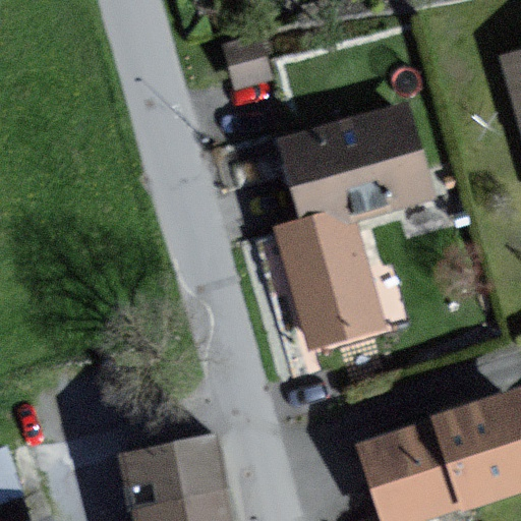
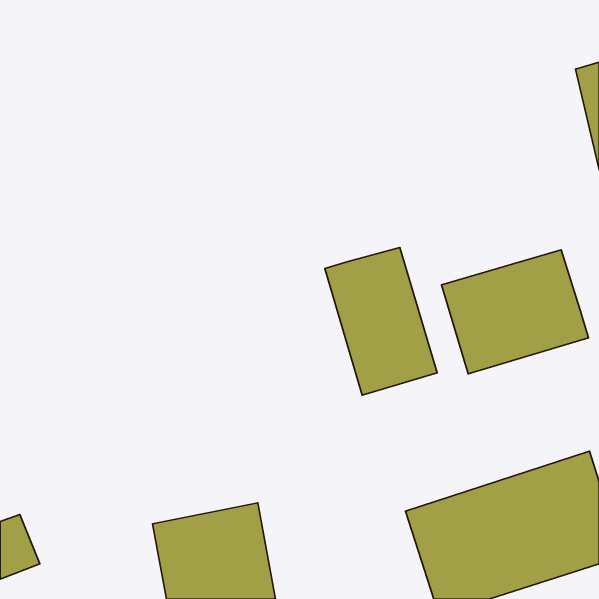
building: [278,108,428,227] -> none
building: none -> [442,250,588,374]

